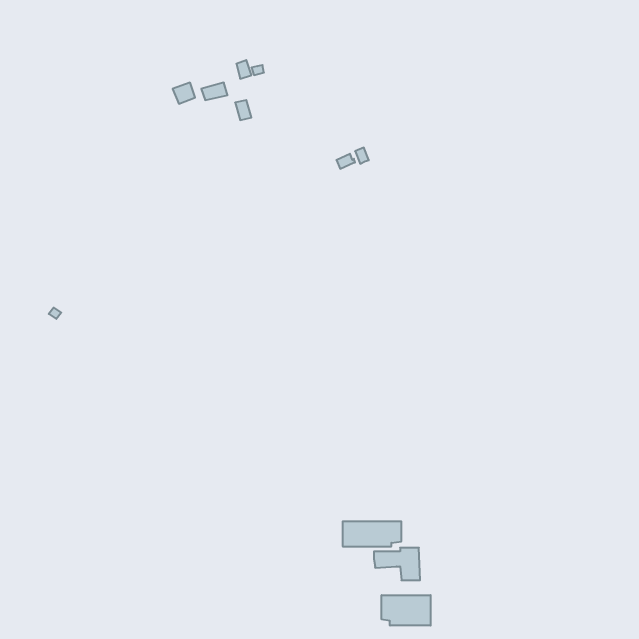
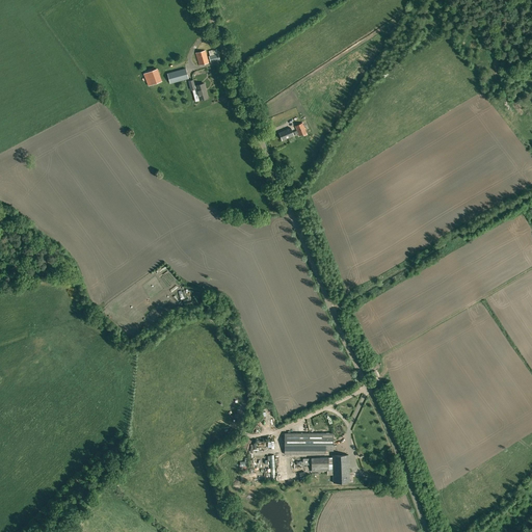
building: [382,595,431,626] -> none

